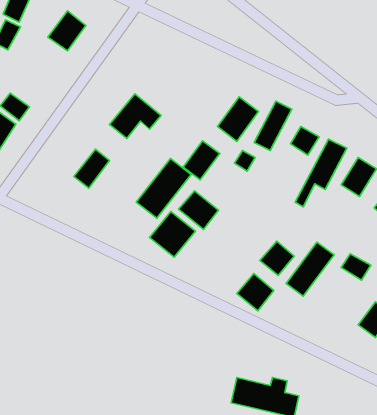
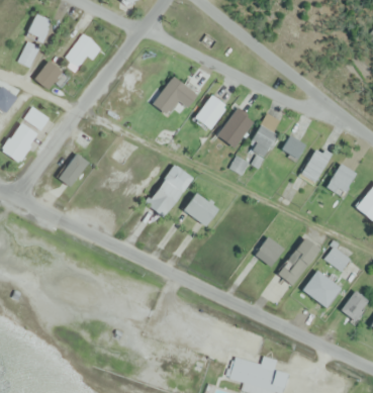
building: none -> [34,61,64,90]
building: [109,94,161,138] -> [152,76,197,115]
building: [183,141,220,180] -> [195,95,227,129]
building: [74,149,109,188] -> [58,153,89,187]
building: [150,211,196,257] -> none
building: [237,274,274,311] -> none
building: none -> [302,269,342,308]

